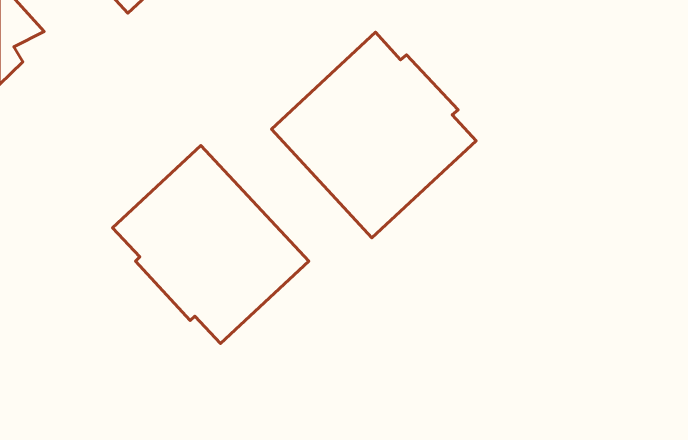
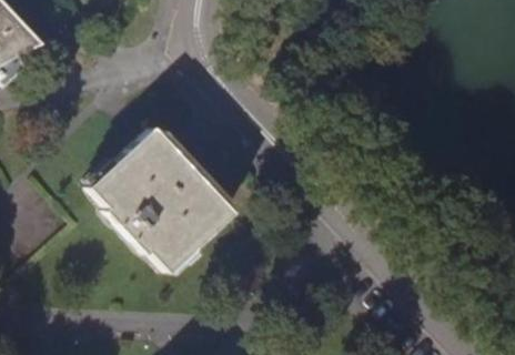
building: [272,32,476,238] -> none

